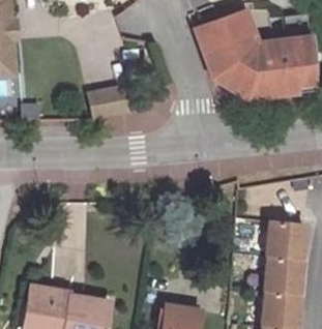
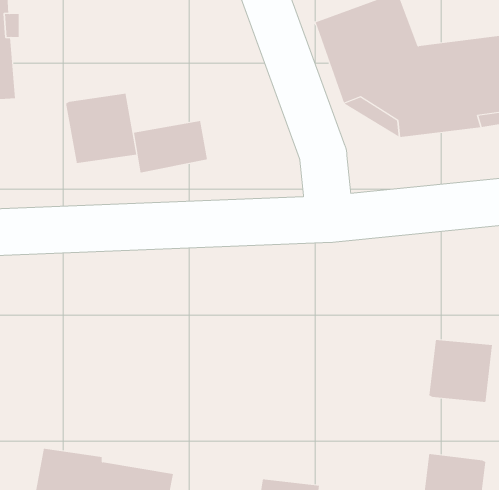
building: none -> [66,93,137,164]
building: [264,256,303,294] -> none

